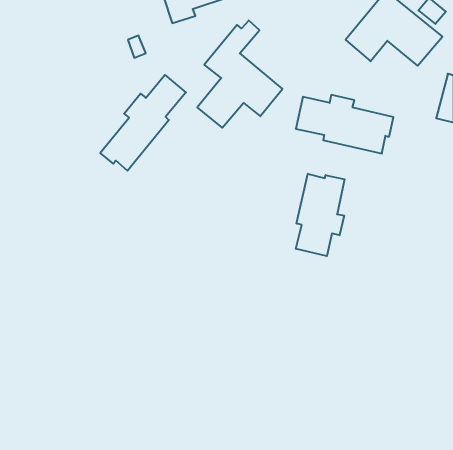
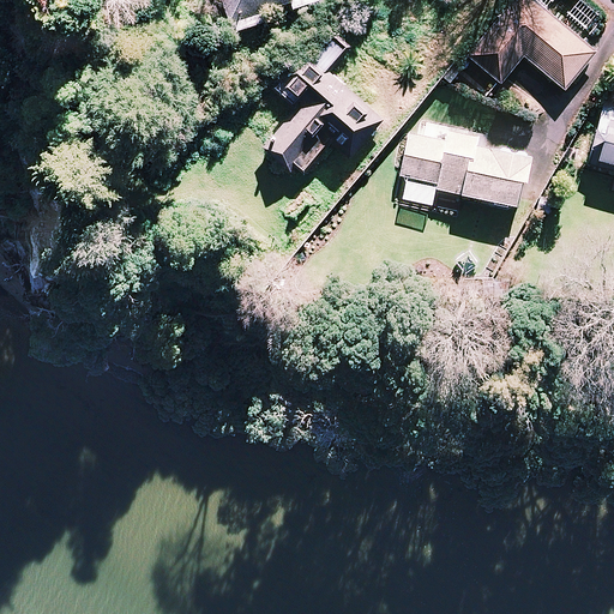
building: [100,75,186,171] -> none
building: [296,174,345,256] -> none

